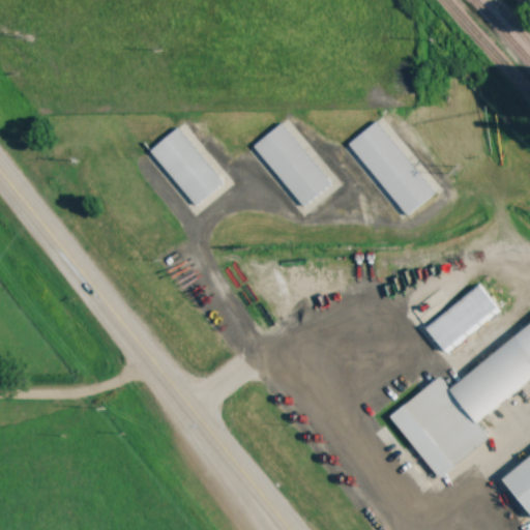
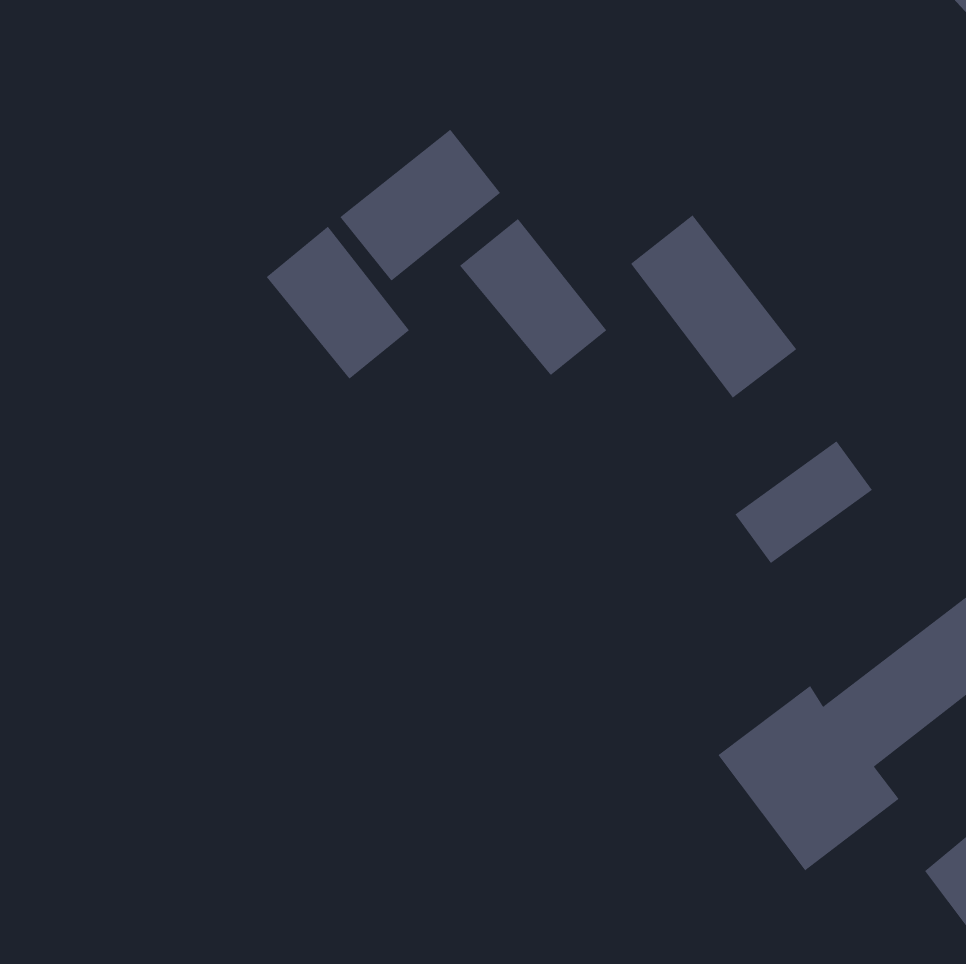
building: none -> [339,129,501,282]
building: [428,282,503,349] -> [734,440,873,564]

